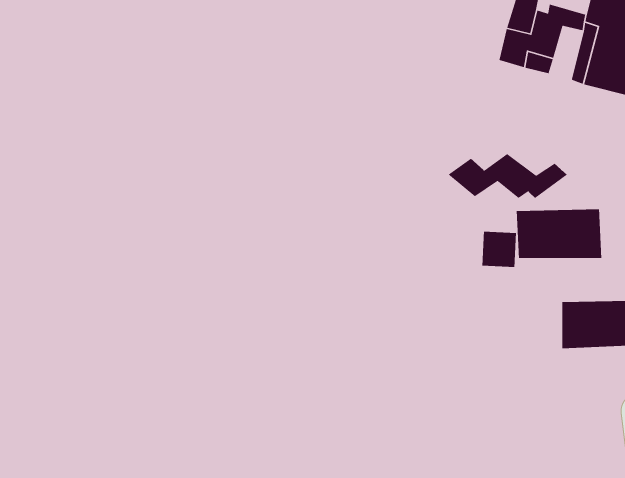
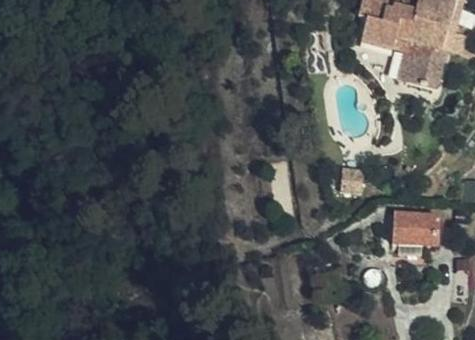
building: [448,153,568,199] -> none
building: [516,208,602,259] -> none

